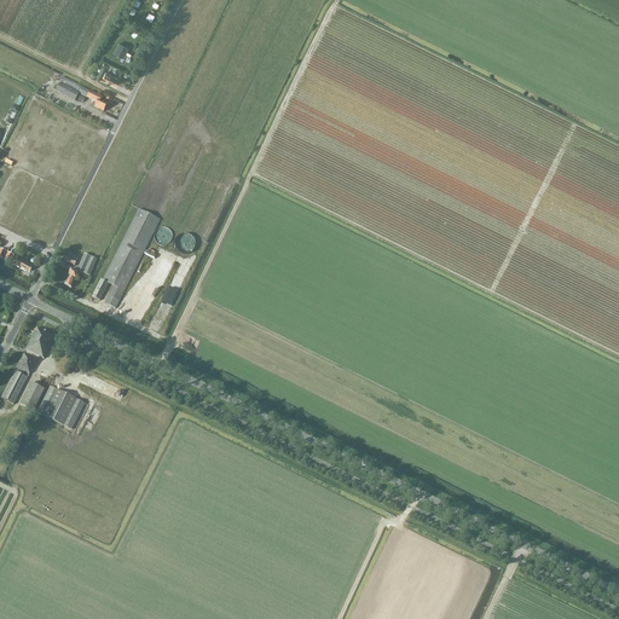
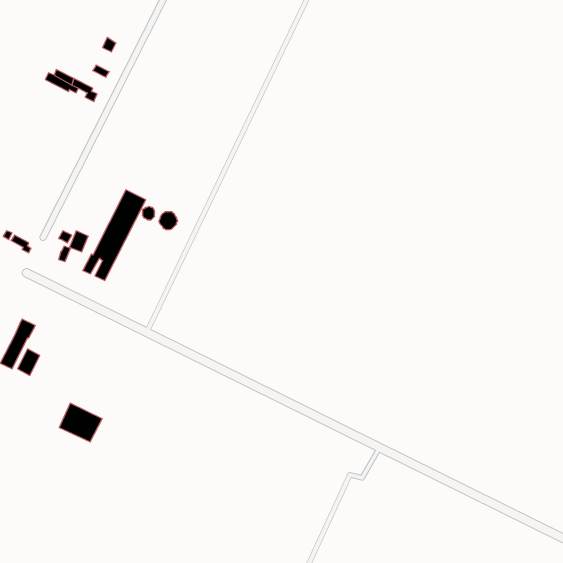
building: [25,328,56,358] -> none
building: [39,386,86,428] -> [59,403,102,442]

